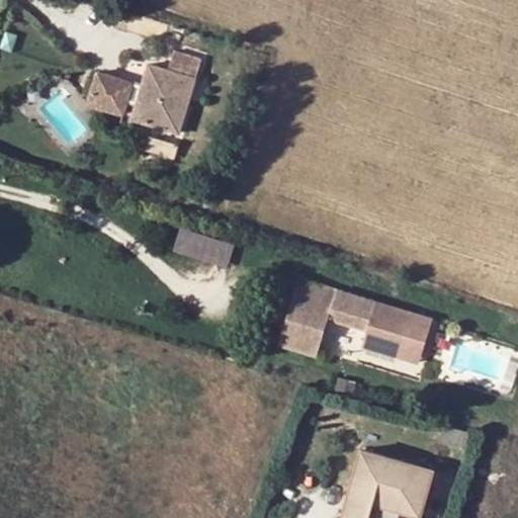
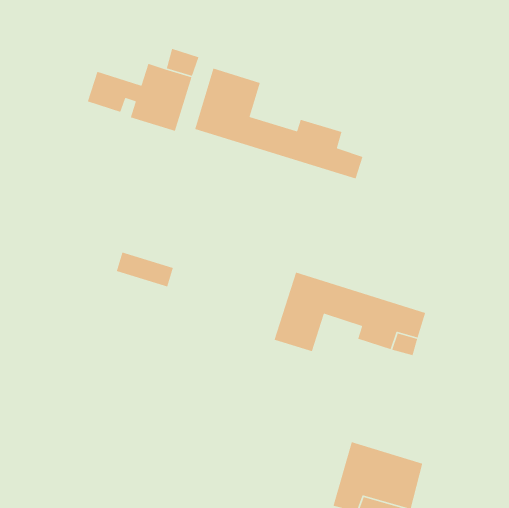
building: none -> [194,68,364,180]
building: [176,231,235,267] -> [116,252,174,288]

